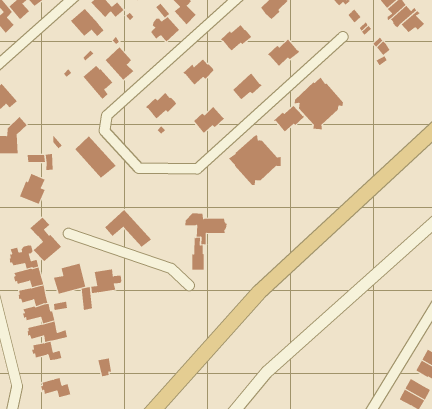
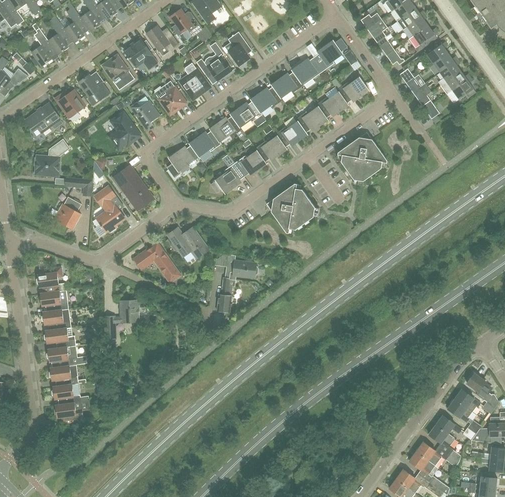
building: none -> [291,57,323,85]
building: none -> [336,76,368,103]
building: none -> [180,62,208,98]
building: none -> [101,54,134,87]
building: none -> [250,86,282,112]
building: none -> [77,74,109,100]
building: none -> [54,89,85,118]
building: none -> [209,115,241,141]
building: none -> [110,111,140,149]
building: none -> [254,133,286,161]
building: [273,105,305,132] -> [295,106,327,132]
building: none -> [165,145,200,177]
building: none -> [209,162,243,193]
building: none -> [166,227,208,258]
building: [30,217,62,262] -> [94,186,124,231]
building: [53,263,86,295] -> none
building: none -> [51,384,88,403]

